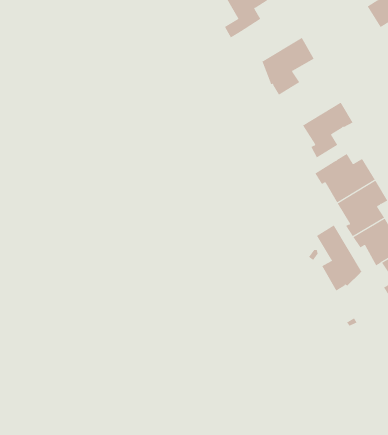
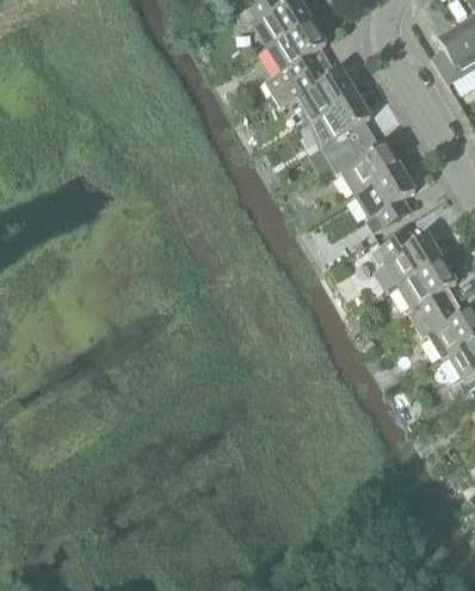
building: none -> [272,69,356,121]
building: none -> [328,142,401,195]
building: [316,224,362,291] -> none

